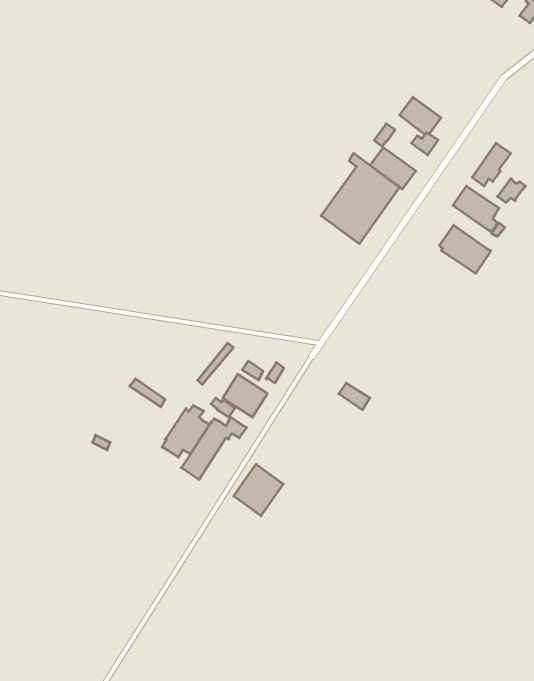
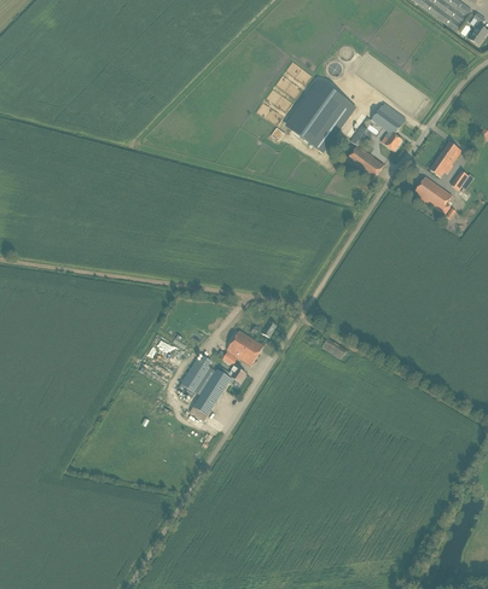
building: [321,153,400,244] -> [290,77,354,151]
building: [440,225,491,273] -> none
building: [234,464,283,516] -> none

